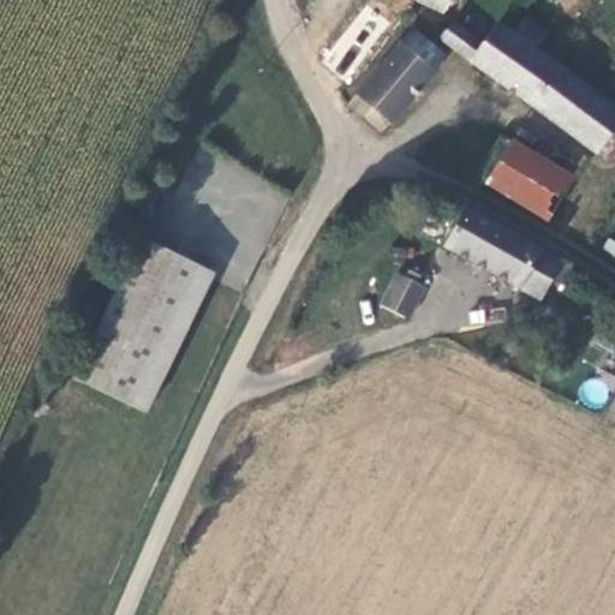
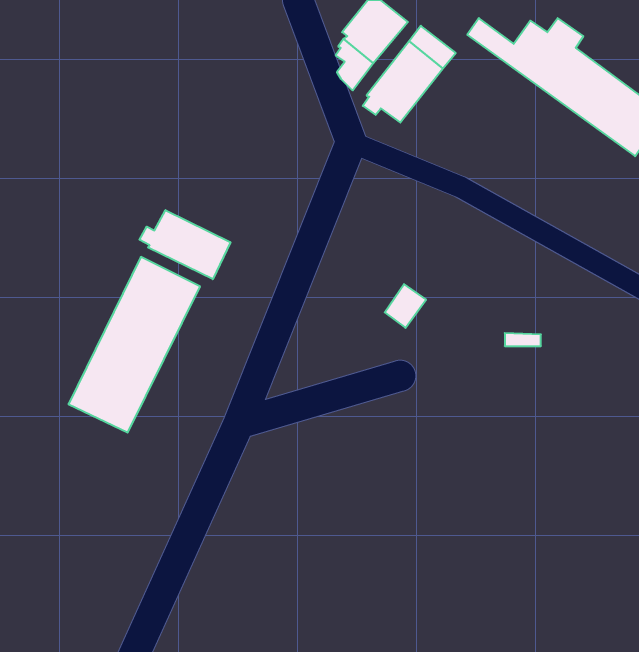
building: [486,142,575,223] -> none
building: none -> [139,210,230,279]
building: [443,209,577,304] -> none

